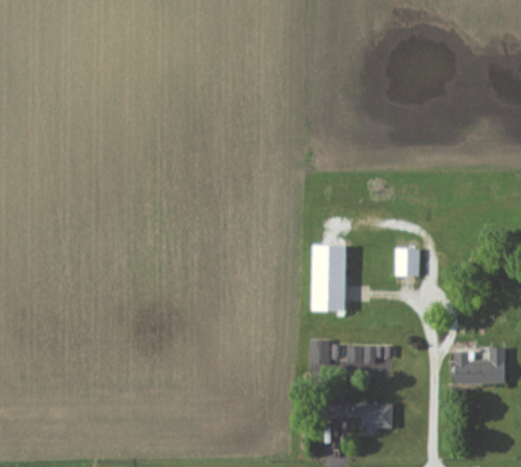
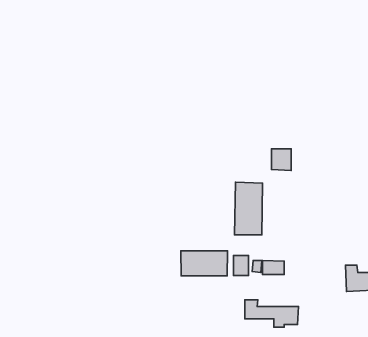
building: [395,249,420,277] -> [272,149,291,171]
building: none -> [181,251,228,276]

